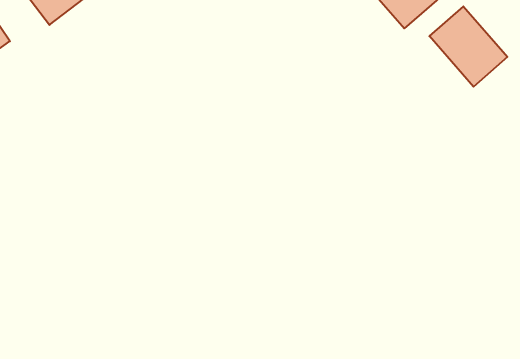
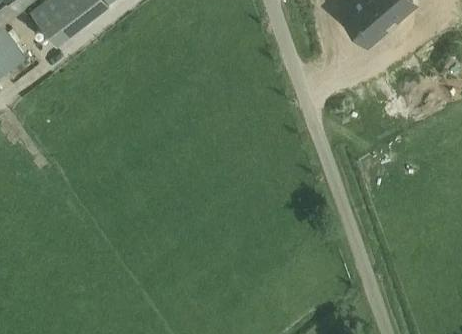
building: [429,6,507,87] -> none

